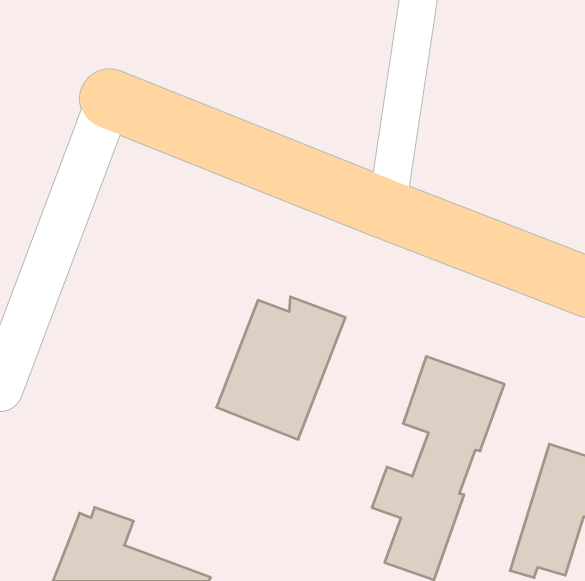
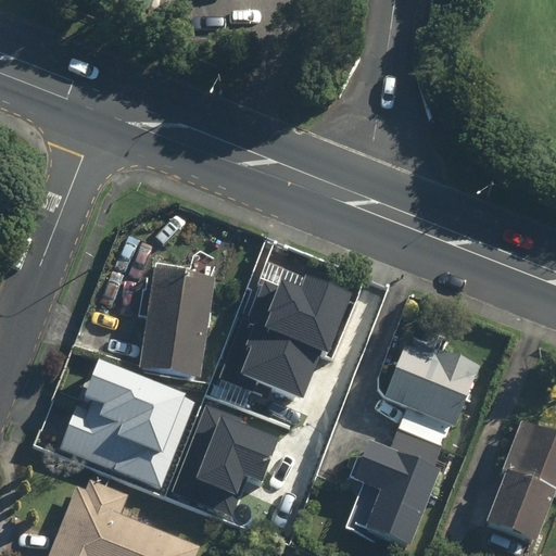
building: none -> [140,266,215,378]
building: none -> [52,364,185,489]
building: none -> [175,403,261,501]

